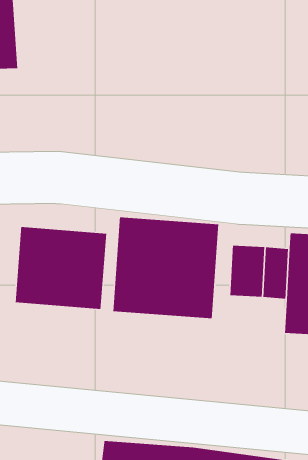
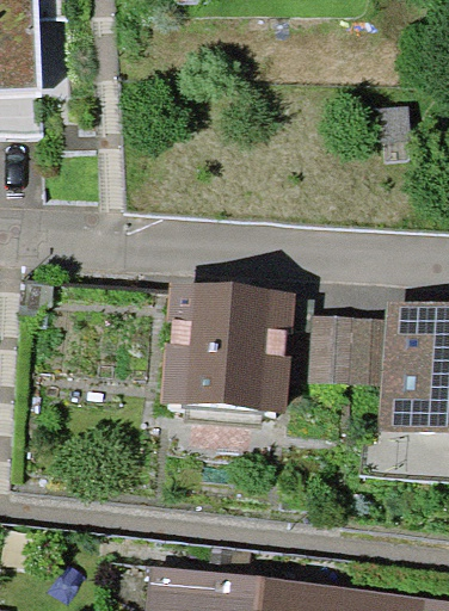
building: [15,226,107,310] -> none

